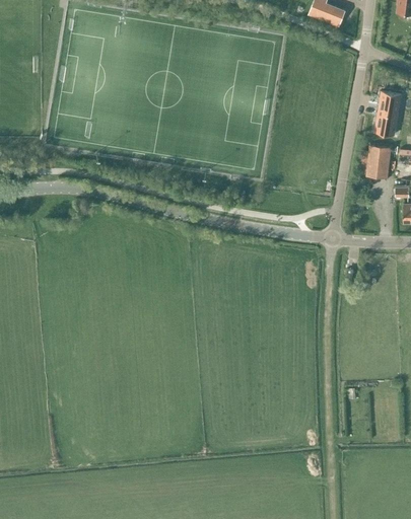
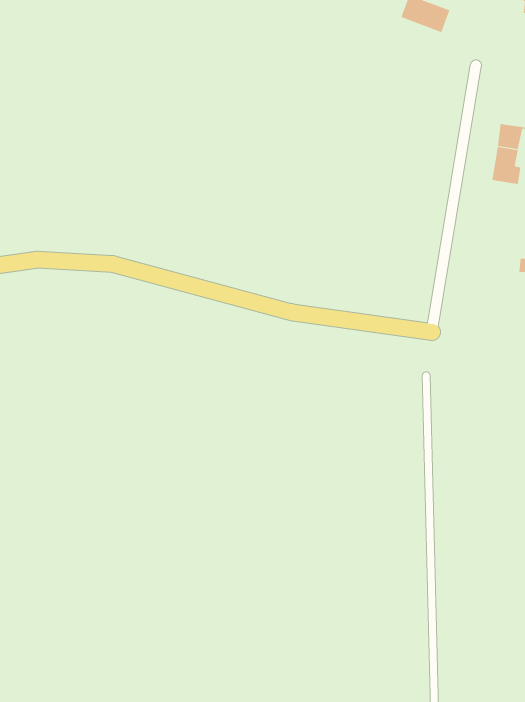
building: [360,146,391,179] -> none

